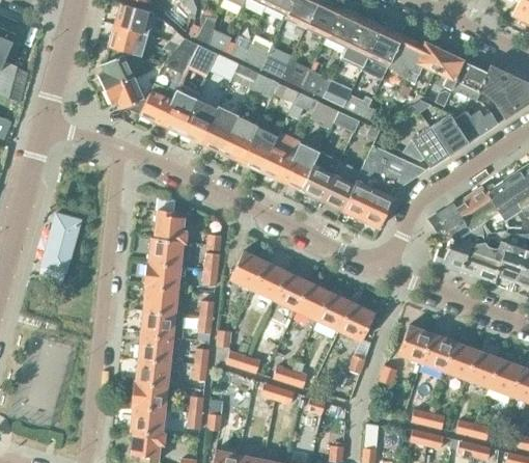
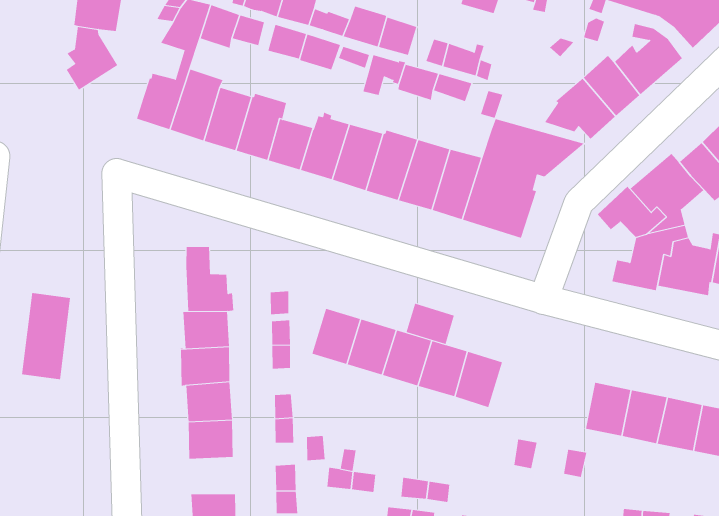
building: [106,75,146,114] -> none
building: none -> [406,303,455,345]
building: [339,303,374,342] -> none
building: [139,335,170,362] -> none

